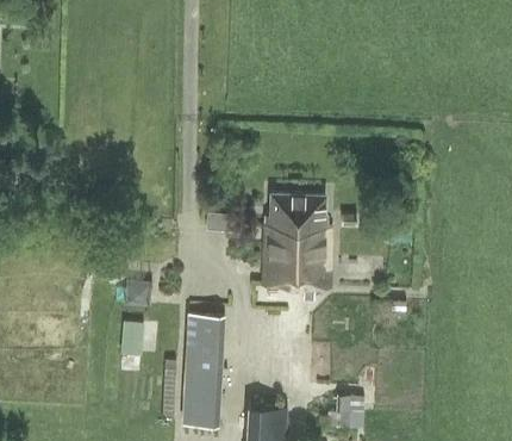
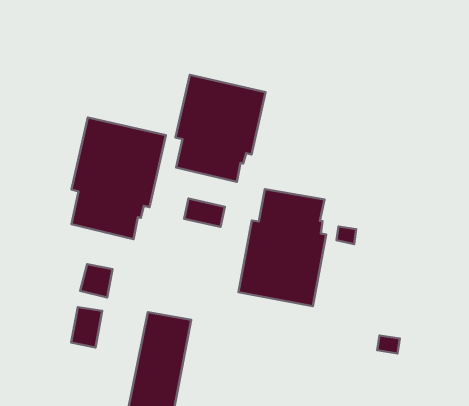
building: none -> [176,75,266,182]
building: none -> [71,117,166,239]

